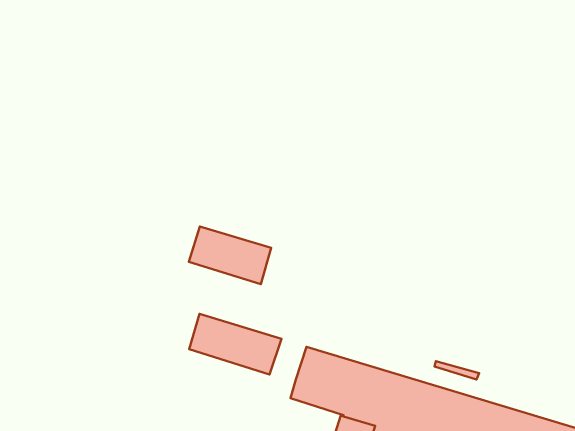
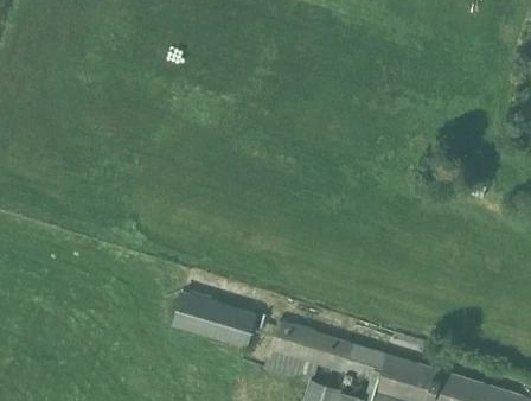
building: [189,226,271,284] -> none

